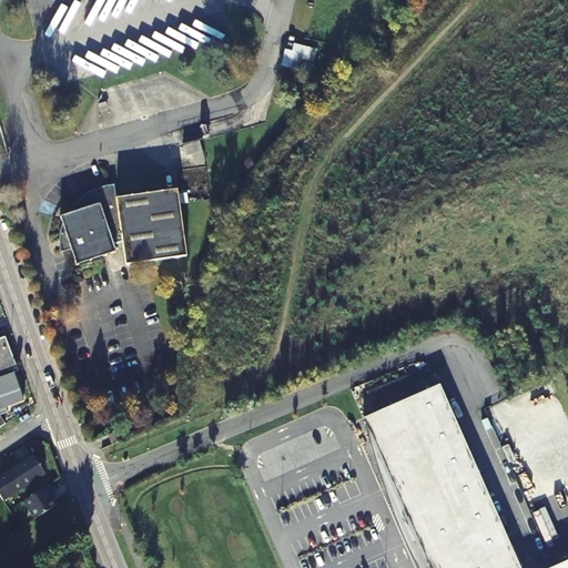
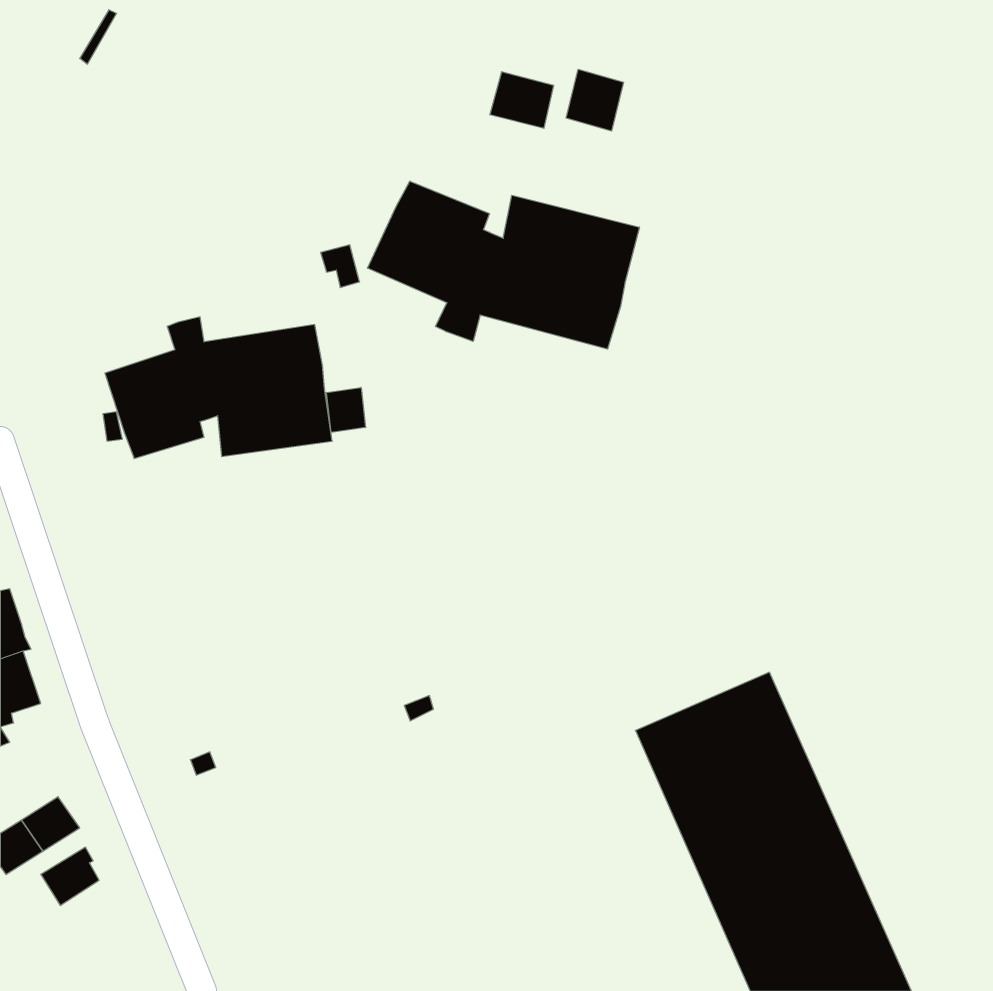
building: none -> [566,69,624,131]
building: none -> [368,181,639,349]
building: none -> [327,387,366,432]

